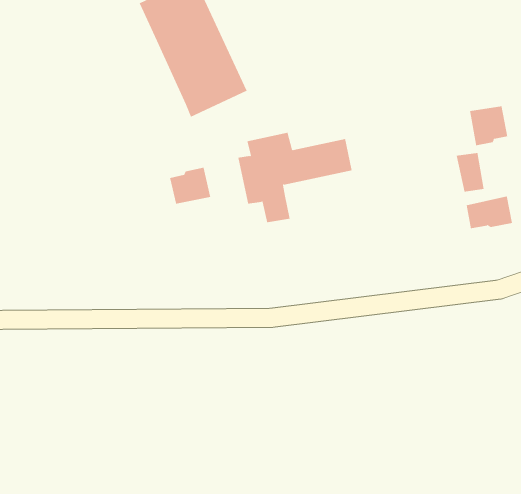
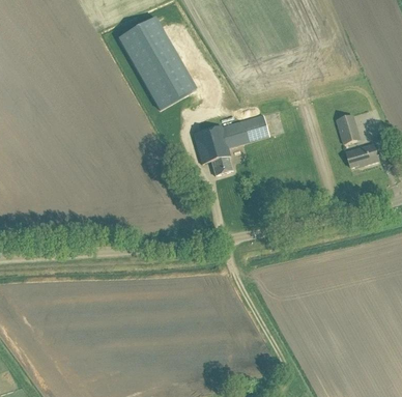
building: [470,106,508,146] -> none
building: [170,167,211,205] -> none

